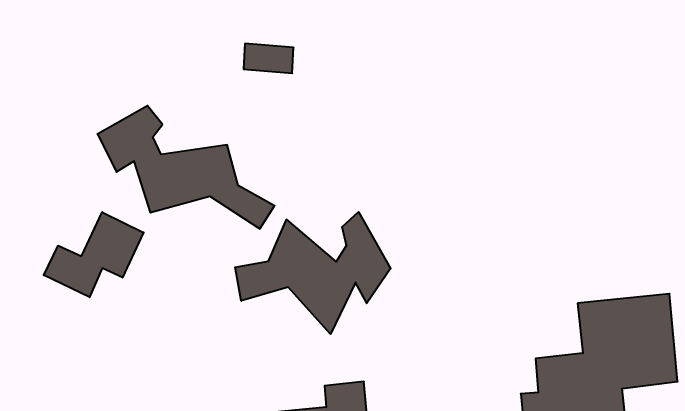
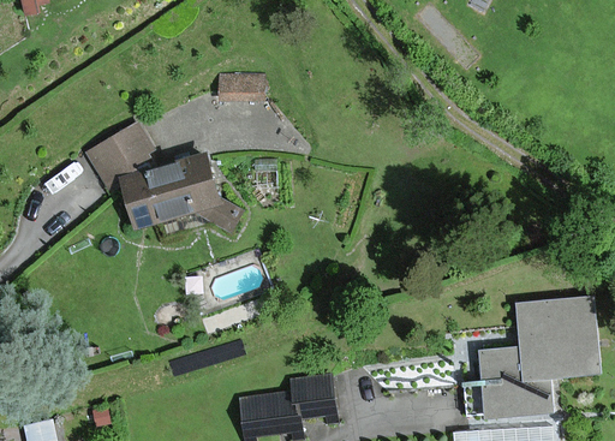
building: [235,212,391,334] -> none
building: [44,212,144,297] -> none

